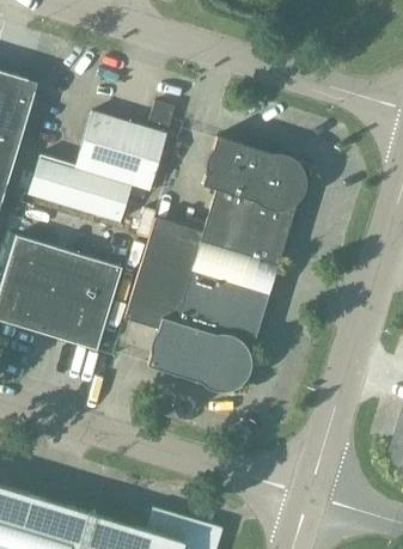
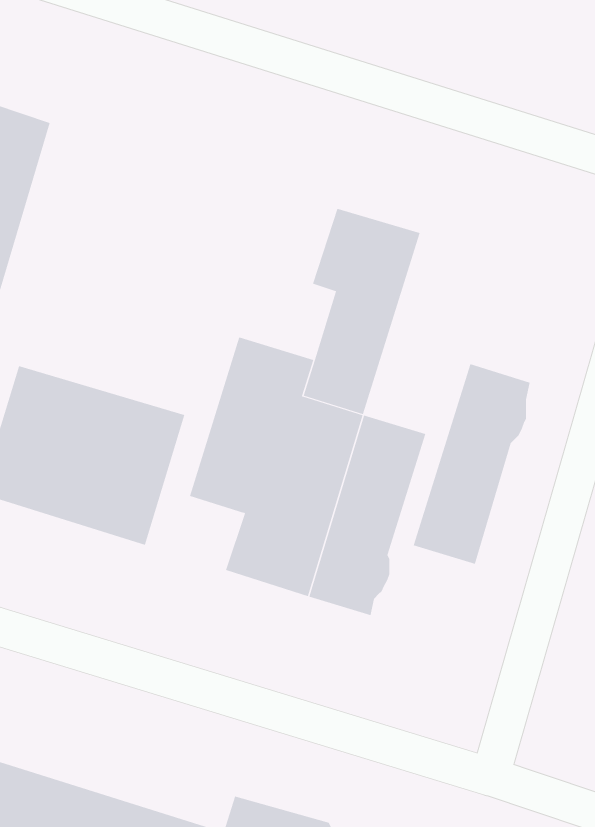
building: [28,100,173,221] -> none
building: [233,152,307,279] -> [413,364,530,565]

